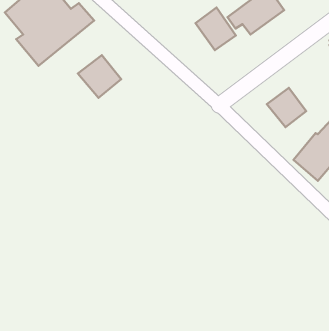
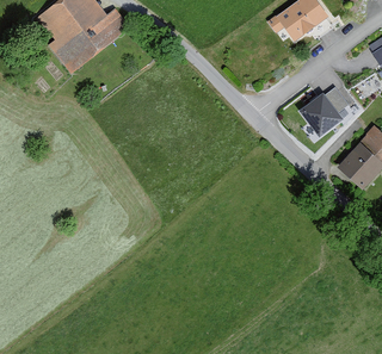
building: [195,7,236,50] -> none
building: [78,55,121,98] -> none

